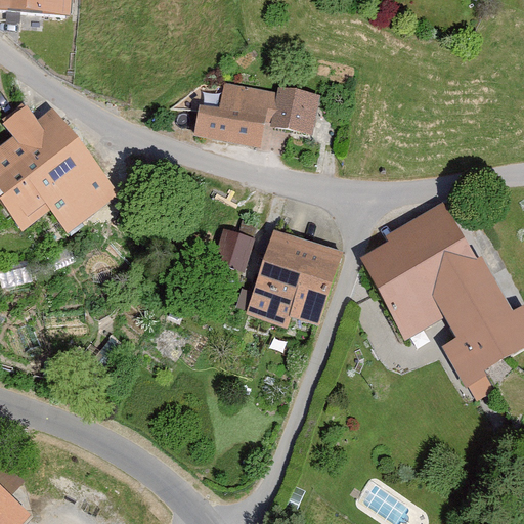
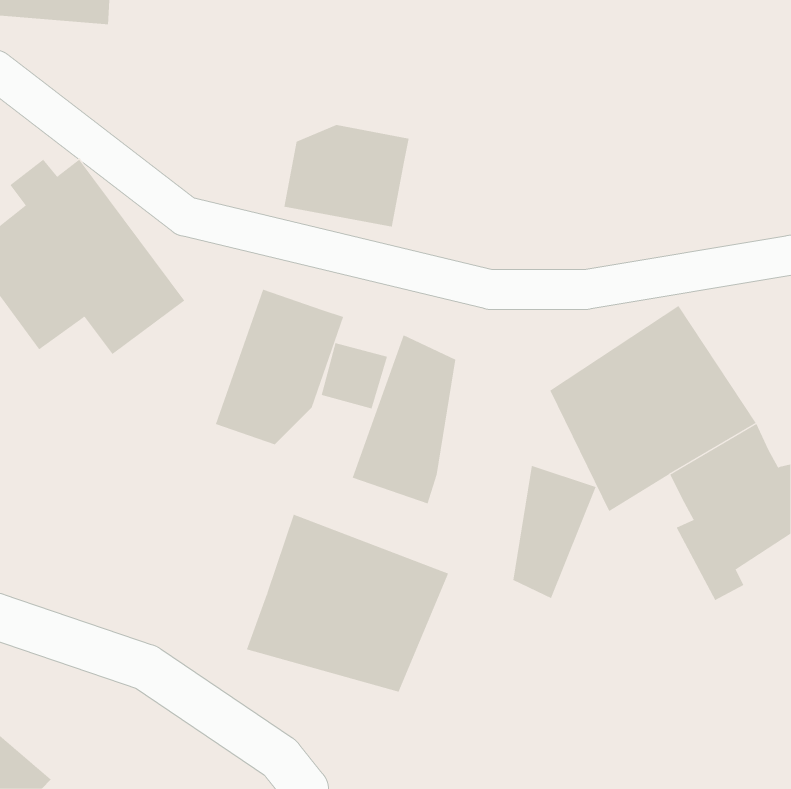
building: [266,91,317,138] -> none
building: none -> [215,289,344,445]
building: [288,236,343,324] -> [512,465,597,599]
building: none -> [246,514,449,692]

